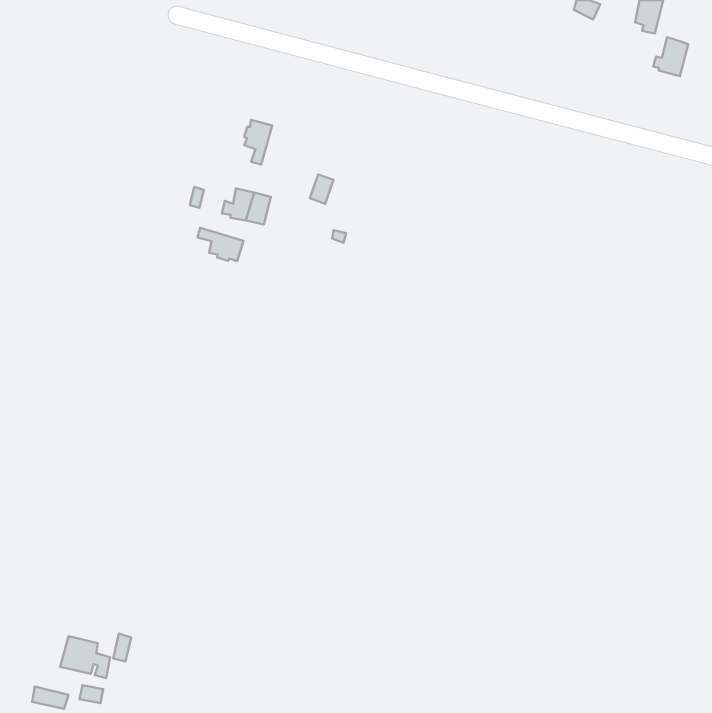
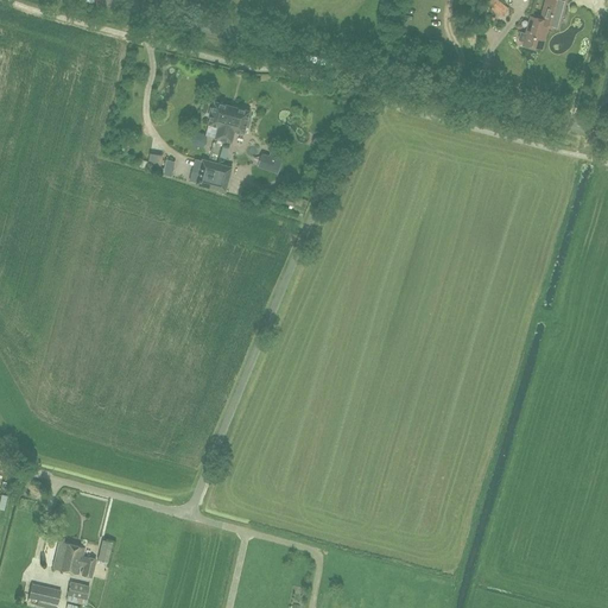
building: [653,37,688,76] -> [518,15,547,49]
building: none -> [222,107,249,142]
building: [197,228,244,261] -> none

